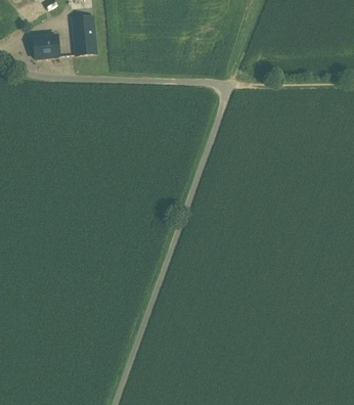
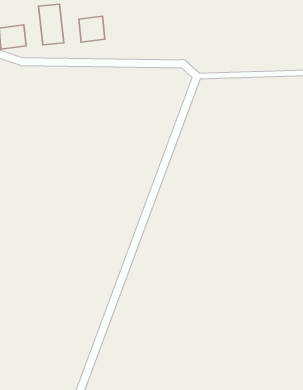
building: none -> [79,16,105,42]

